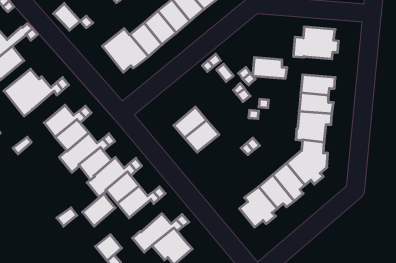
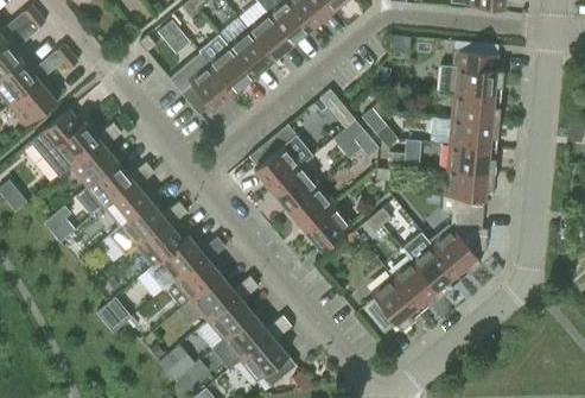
building: [53,3,80,30] -> [154,17,192,55]
building: [253,57,287,78] -> [452,91,501,121]
building: none -> [71,140,117,185]
building: none -> [254,143,301,189]
building: none -> [304,202,351,248]
building: [82,194,115,226] -> [208,293,254,340]

